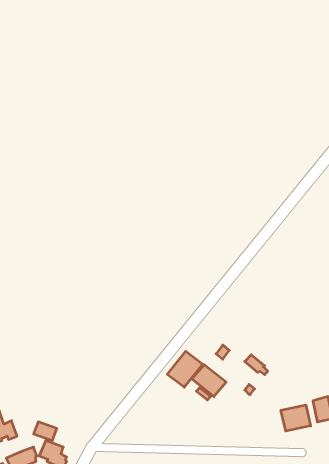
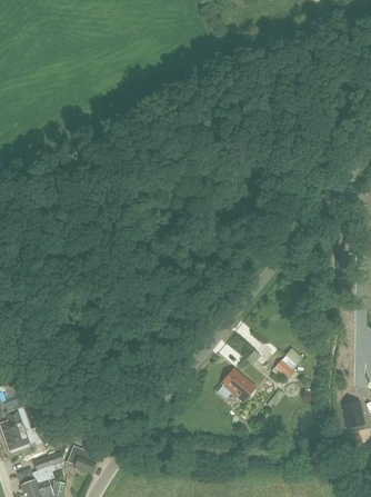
building: [167,351,203,387] -> none
building: [281,405,311,431] -> none

